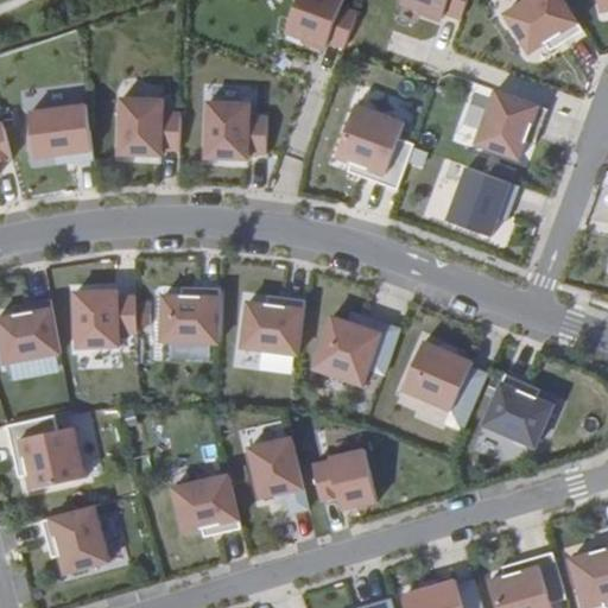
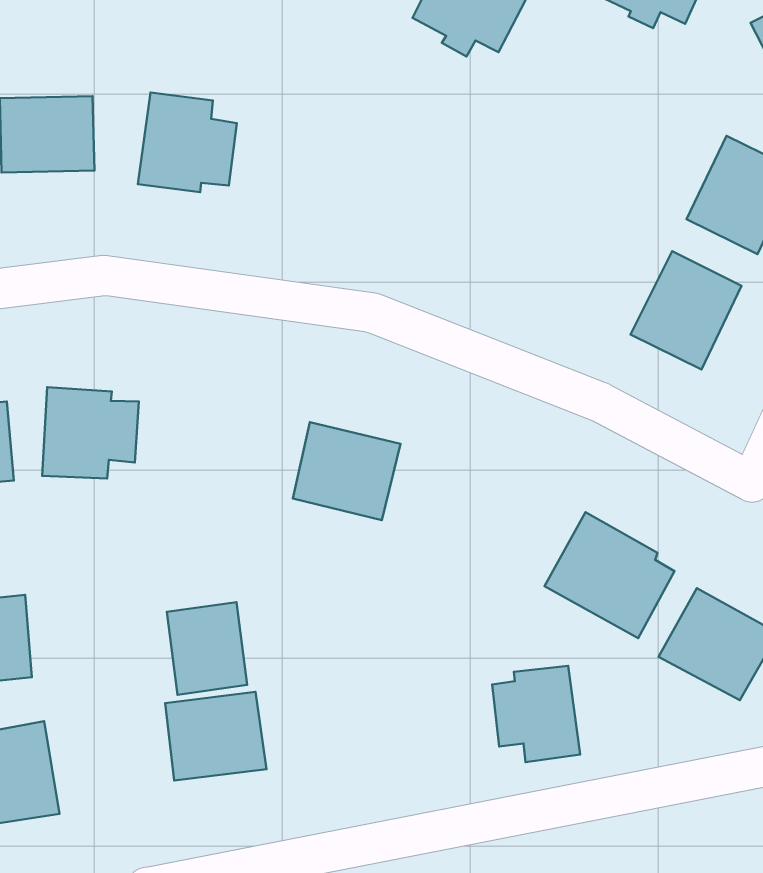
building: [204,100,266,162] -> none
building: [341,103,406,172] -> none
building: [158,292,218,344] -> none
building: [315,315,382,386] -> none
building: [247,436,303,499] -> [167,602,247,695]
building: [312,446,373,511] -> [492,666,580,762]

